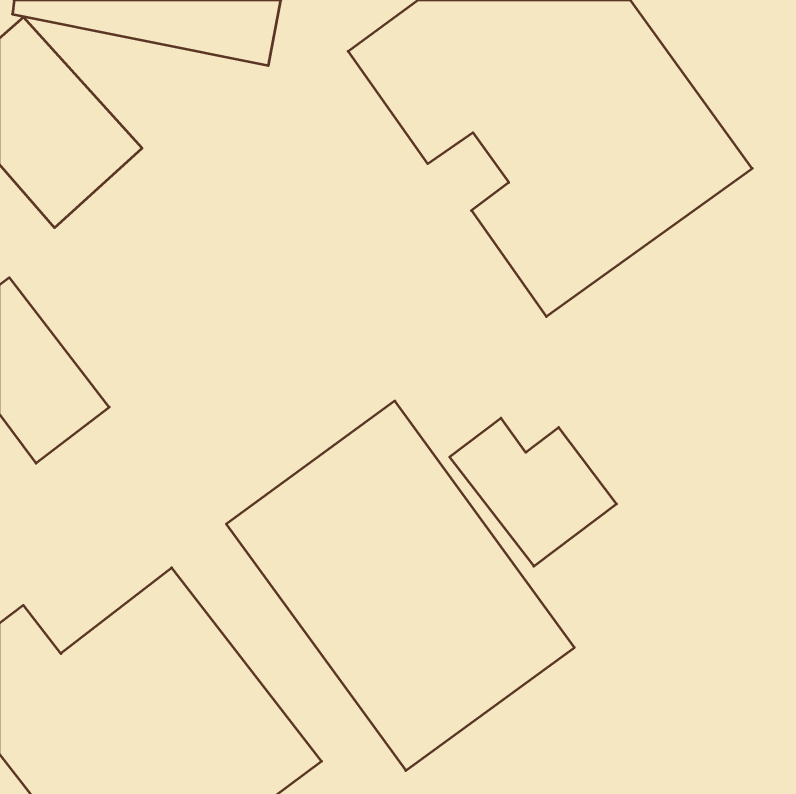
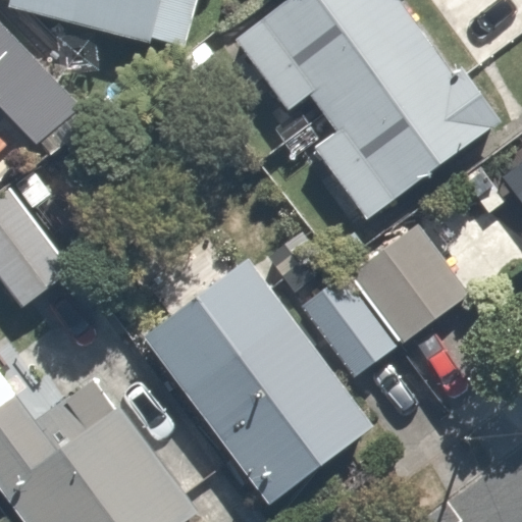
building: none -> [354,218,466,331]

